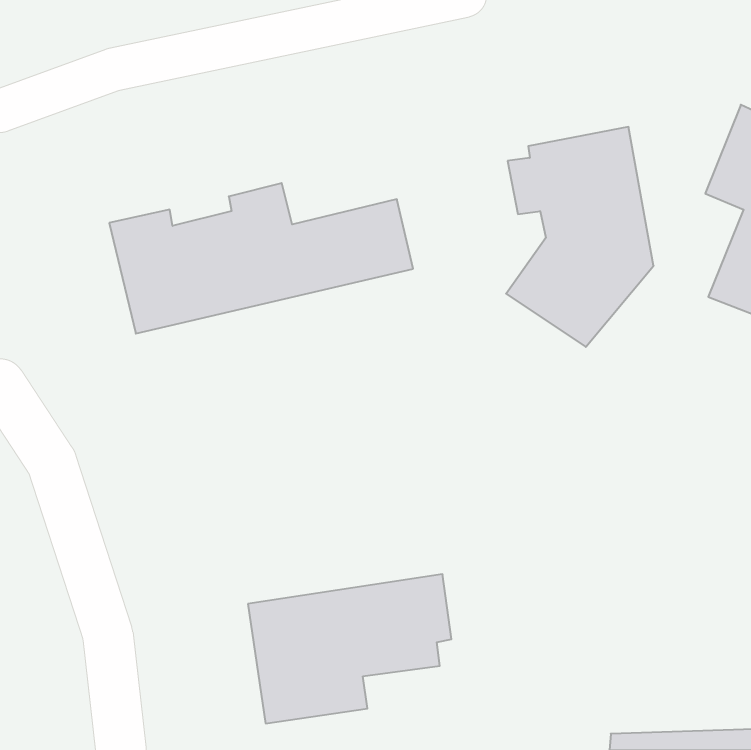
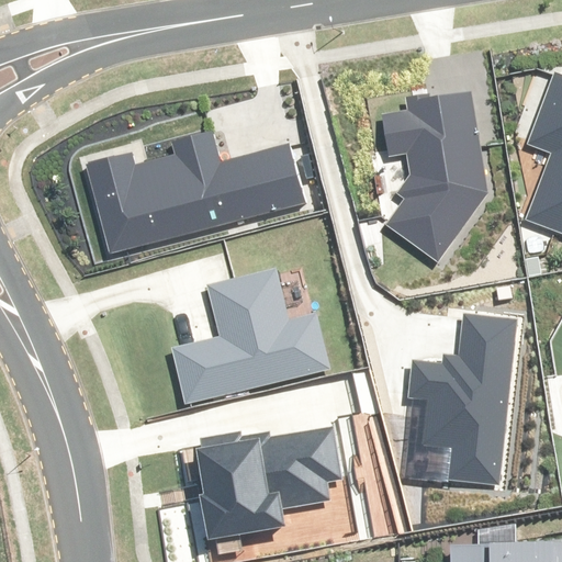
building: none -> [172,274,331,403]
building: none -> [406,316,516,483]

